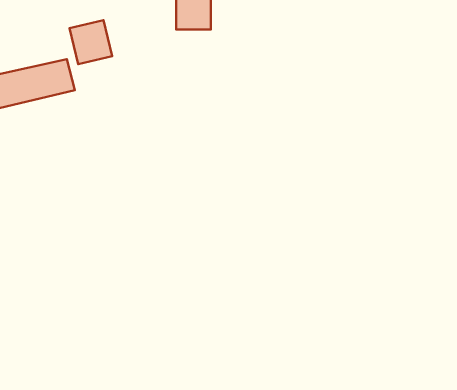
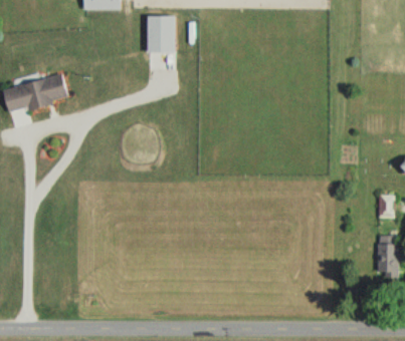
building: [70,20,112,64] -> none

